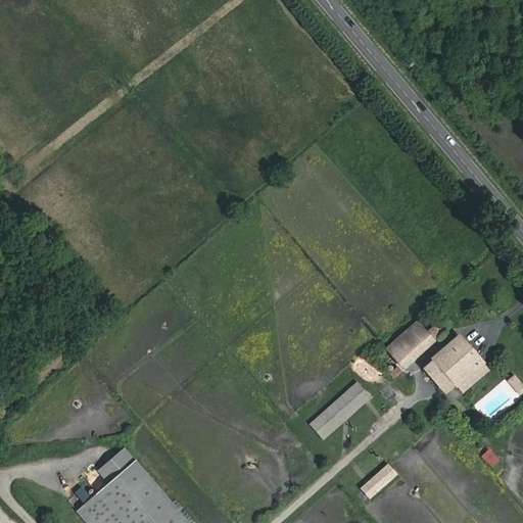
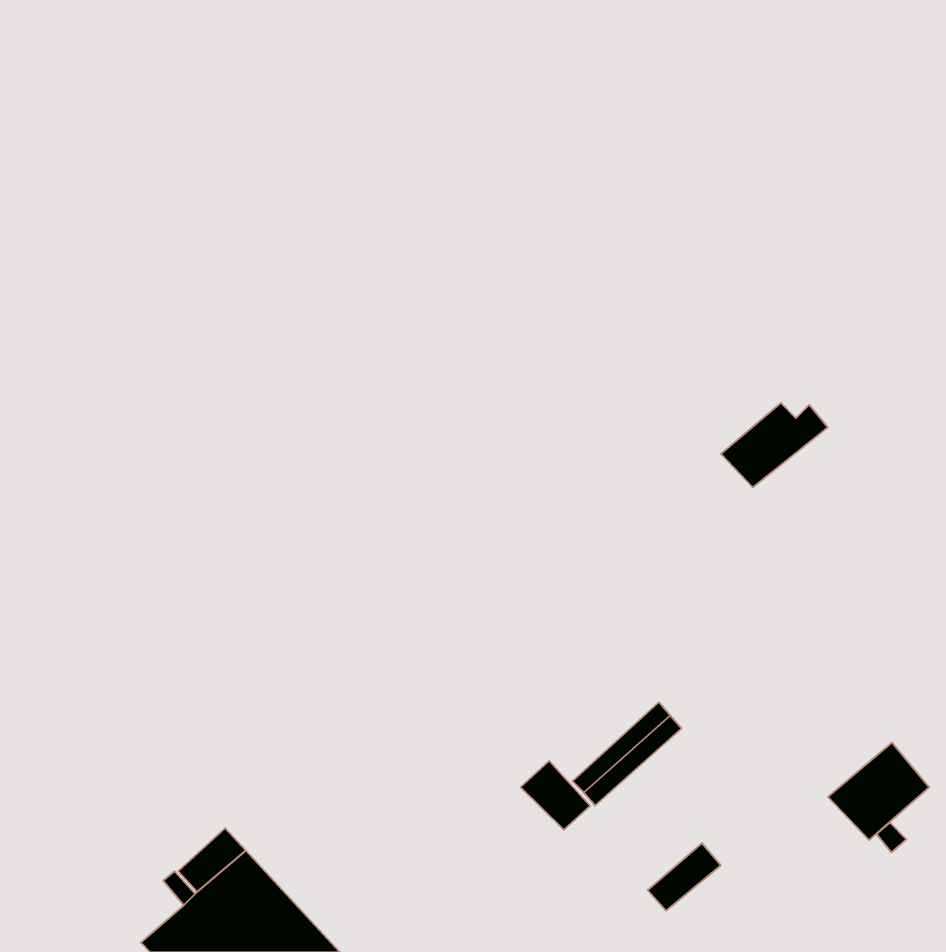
building: [386,321,444,367] -> [721,403,828,487]
building: [424,341,479,394] -> [828,743,929,840]
building: none -> [521,761,590,830]

